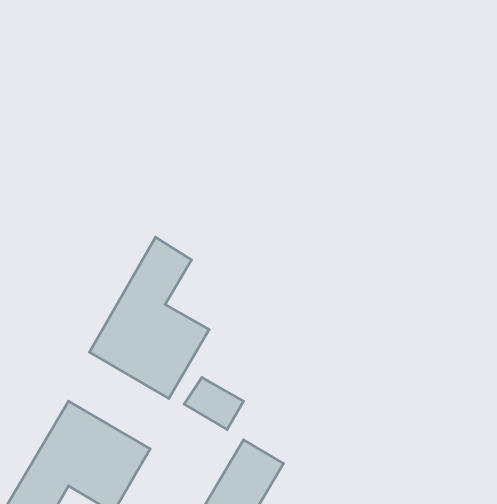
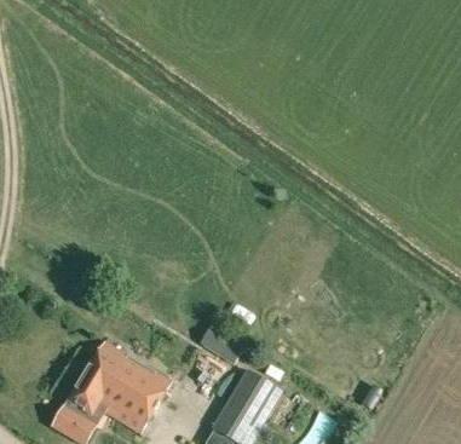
building: [89,237,209,399] -> none

